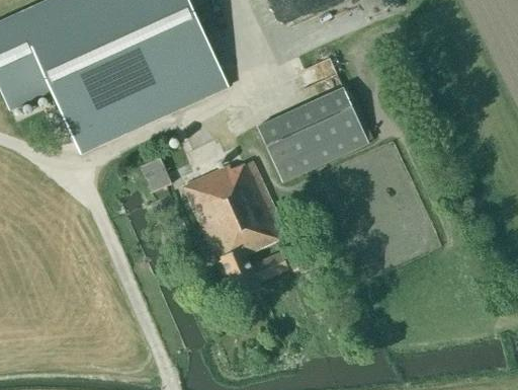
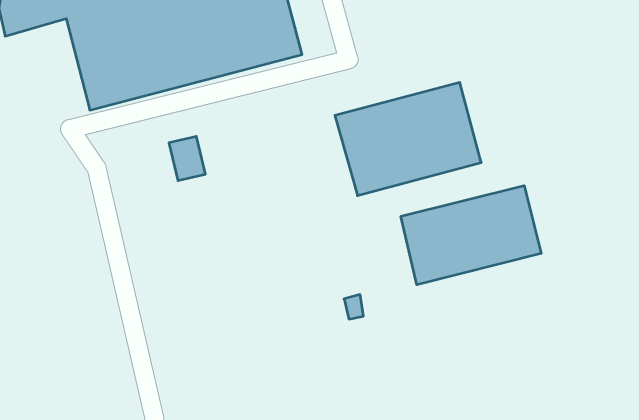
building: none -> [401,186,541,285]
building: [183,159,286,297] -> none

